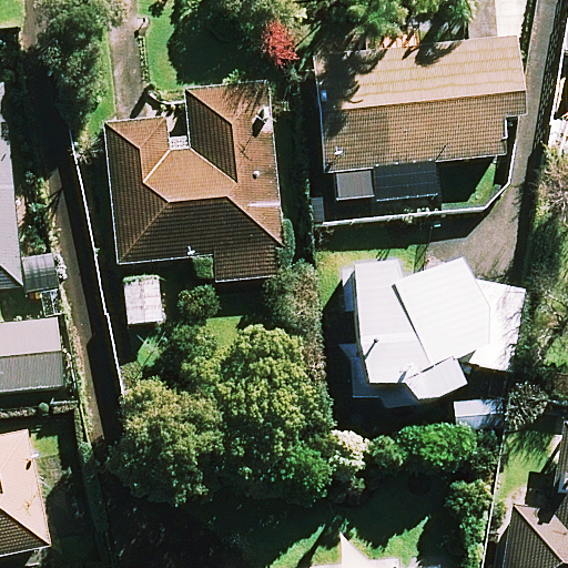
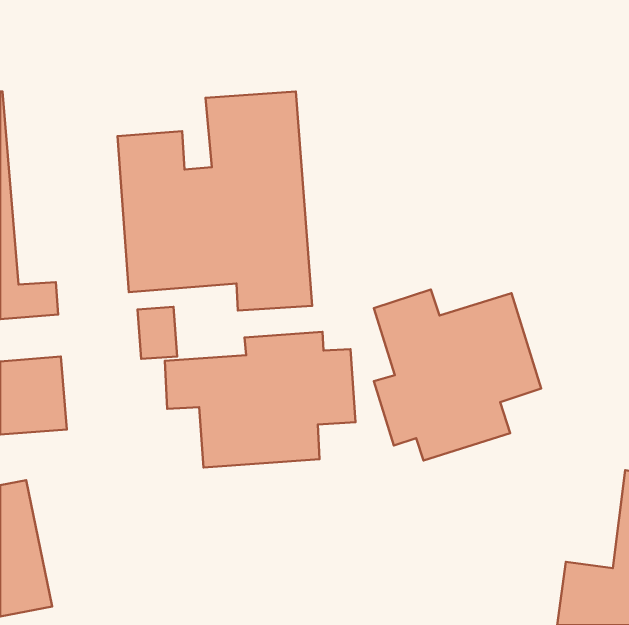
building: [315,40,523,199] -> none
building: none -> [165,332,356,467]

